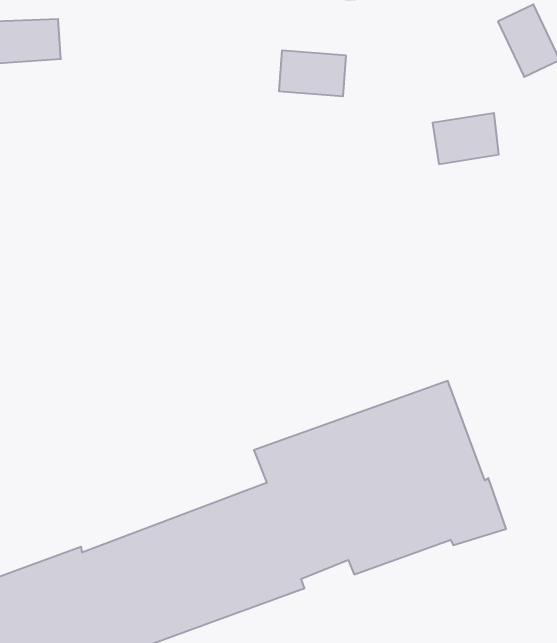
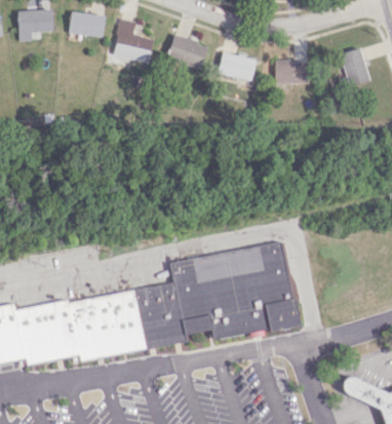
building: none -> [112,18,153,64]
building: none -> [166,35,207,69]
building: [432,113,499,164] -> [274,61,308,83]

